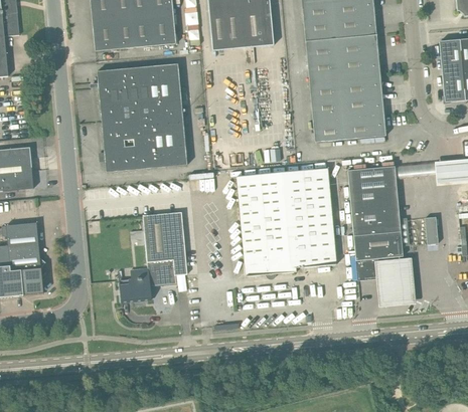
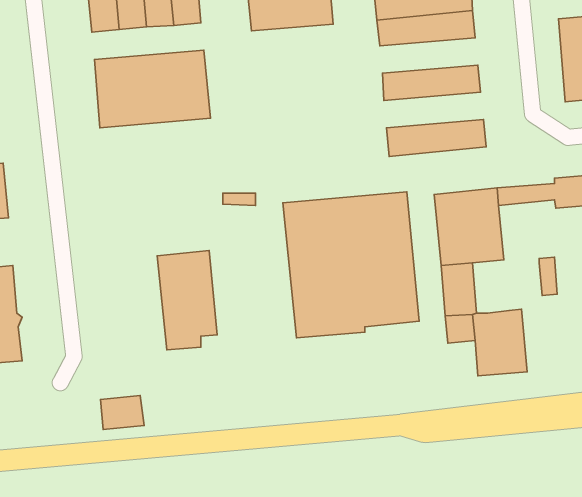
building: [307,54,379,80] -> none
building: [310,94,383,121] -> none
building: [101,114,186,171] -> none
building: [375,217,409,257] -> none
building: [119,276,151,301] -> [100,396,144,430]

